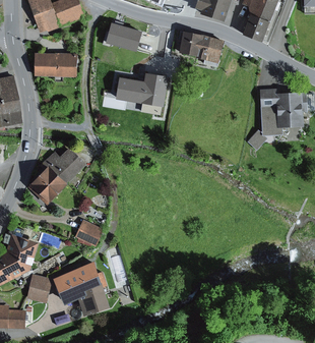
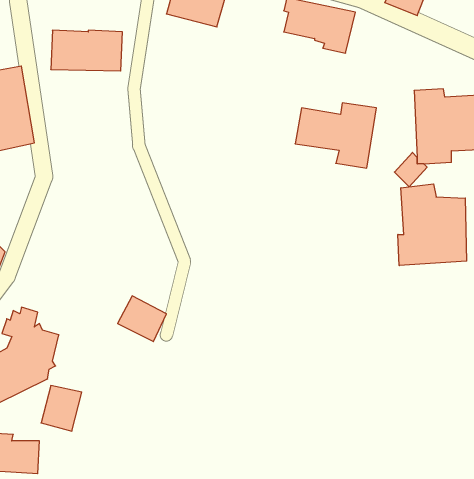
building: [116,72,167,113] -> [295,103,376,168]
building: [29,148,84,204] -> none
building: none -> [398,184,467,266]
building: [55,265,110,315] -> none

